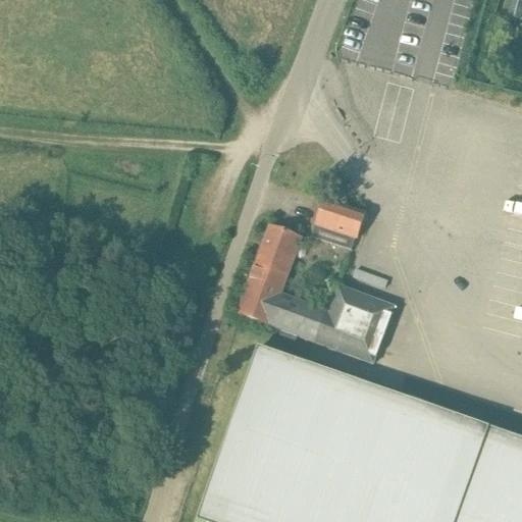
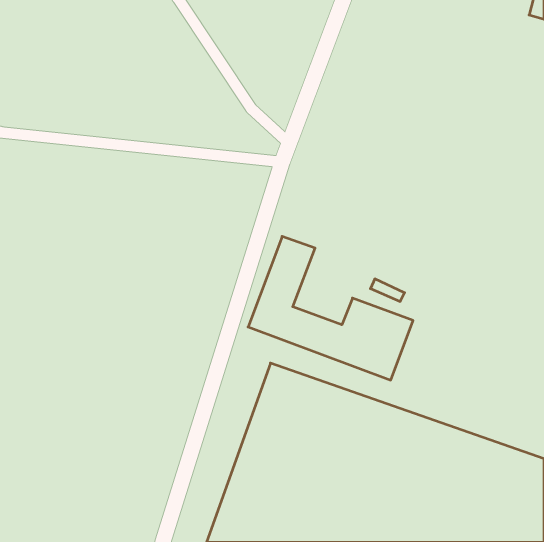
building: [315,198,366,240] -> none

